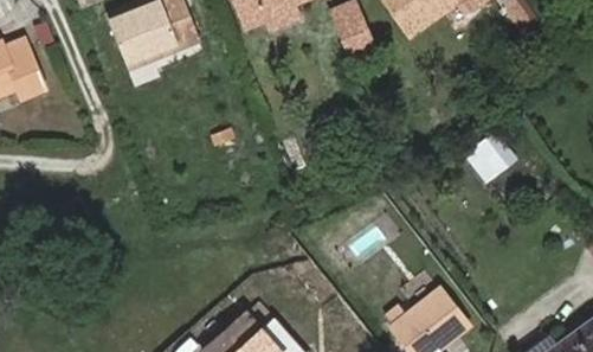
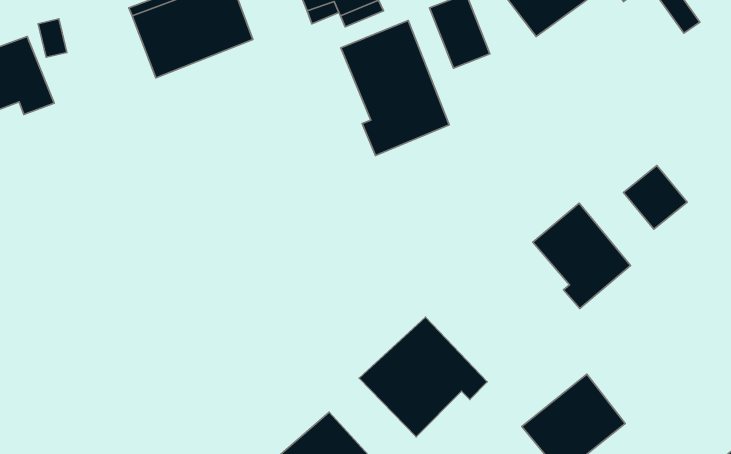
building: none -> [341,20,449,156]
building: none -> [533,203,630,309]
building: none -> [359,317,487,437]

